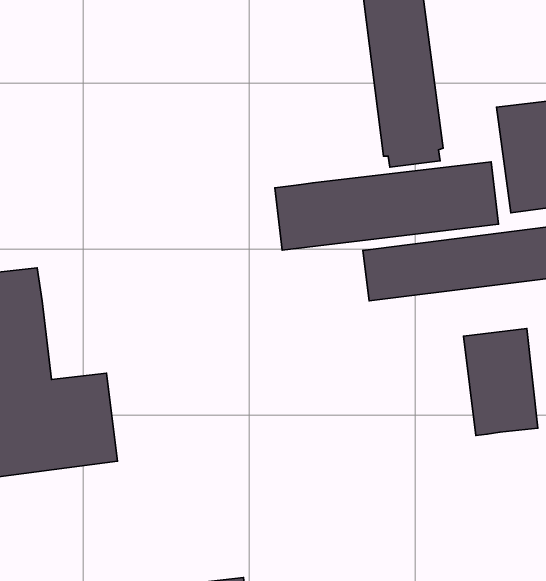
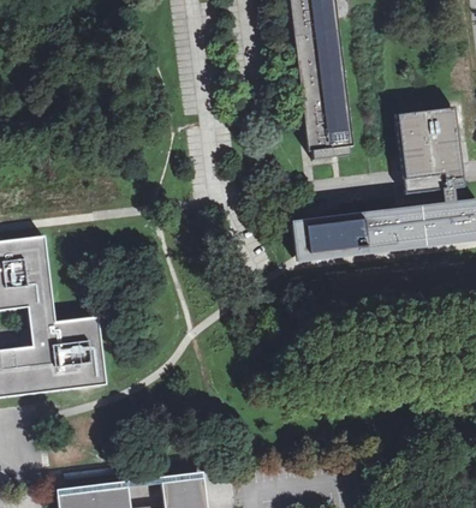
building: [275,162,499,250] -> none
building: [463,328,538,436] -> none

